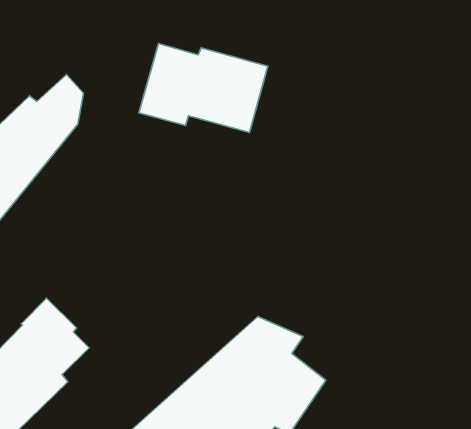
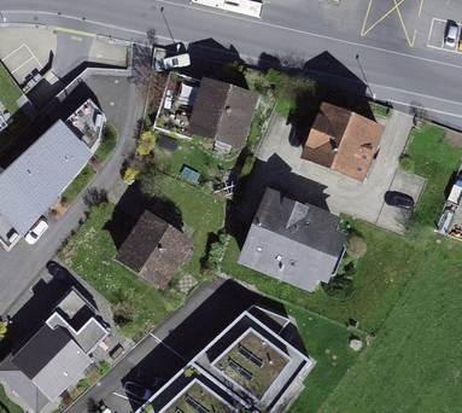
building: none -> [300,99,385,181]
building: none -> [236,187,346,291]
building: none -> [115,205,195,289]

